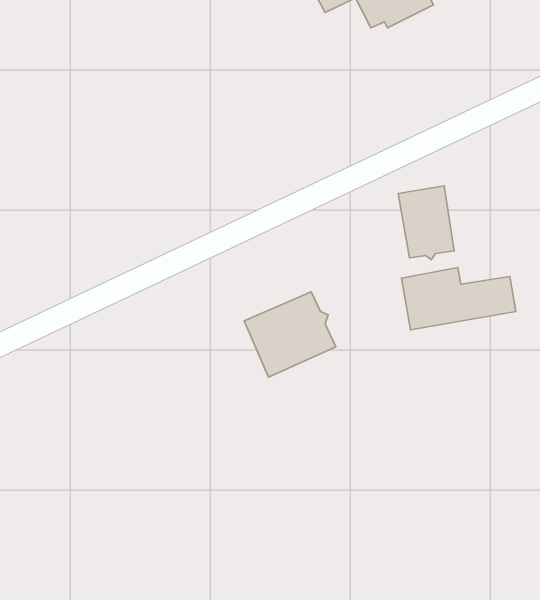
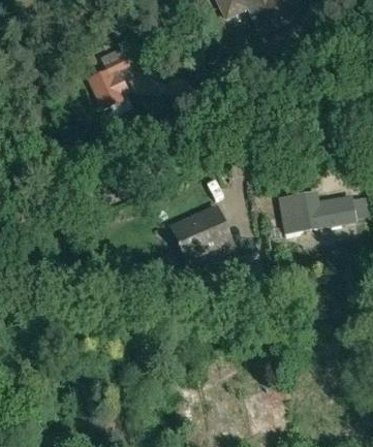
building: none -> [89,50,129,107]
building: [398,186,454,260] -> none

